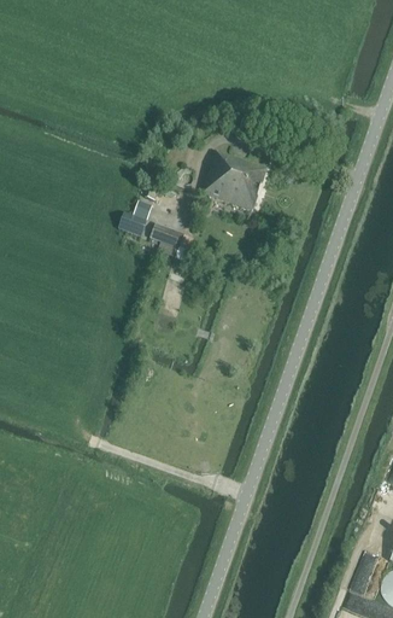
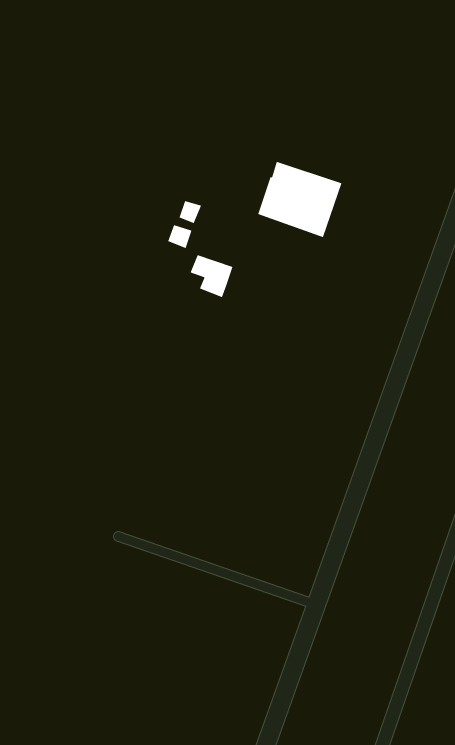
building: [118,209,147,239] -> none

